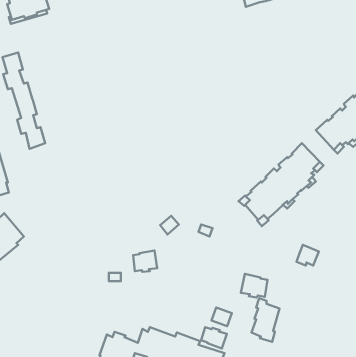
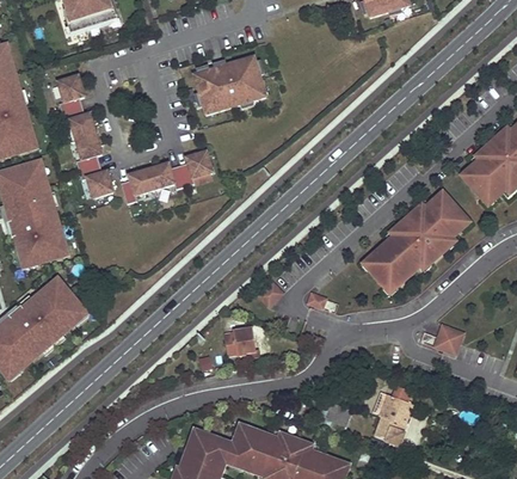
building: none -> [193,55,265,113]
building: none -> [121,151,213,202]
building: [241,274,267,297] -> none
building: [201,327,227,349] -> none

